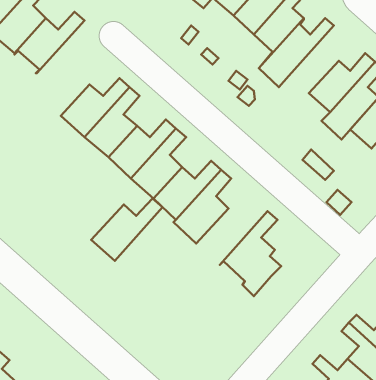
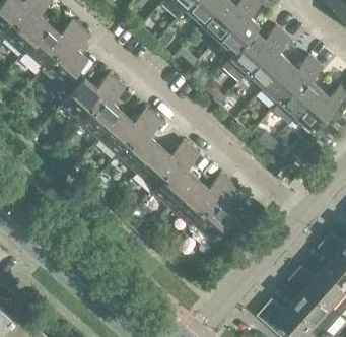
building: none -> [42,28,88,88]
building: none -> [246,32,290,87]
building: [91,198,163,261] -> [170,176,228,226]

